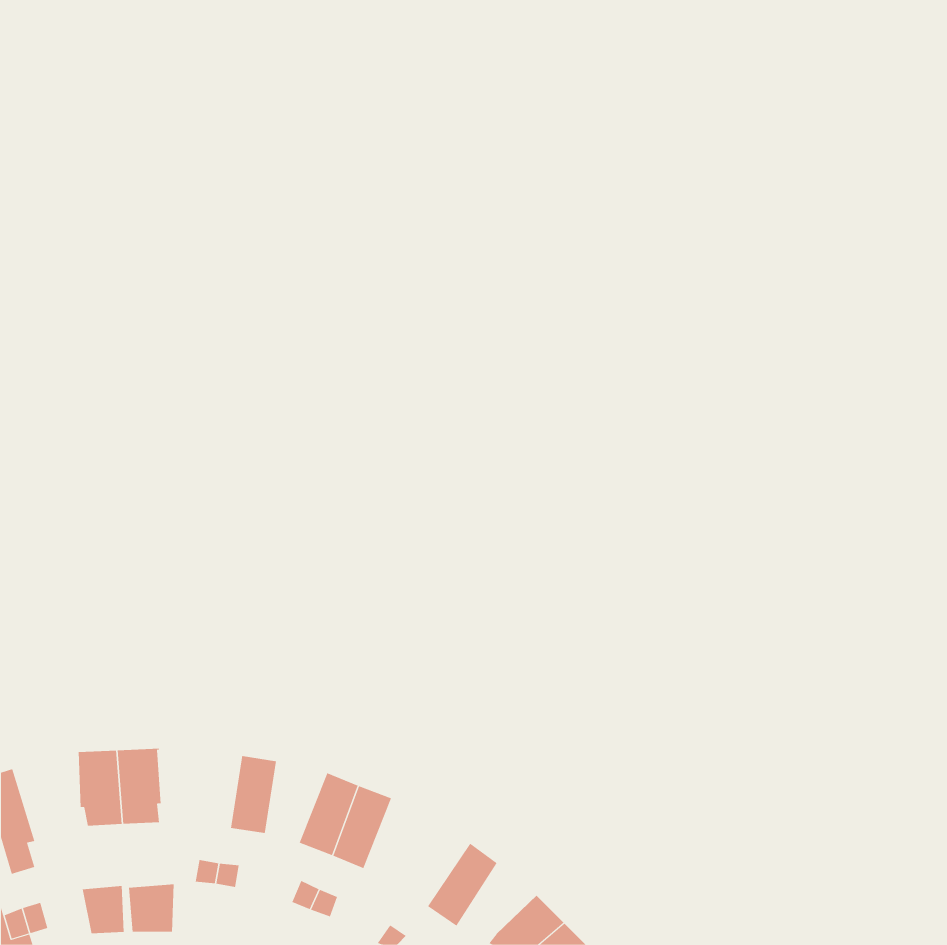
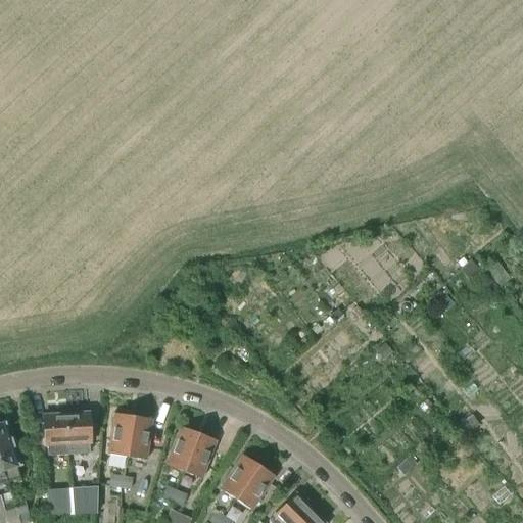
building: none -> [107,413,134,456]
building: none -> [220,454,259,498]

